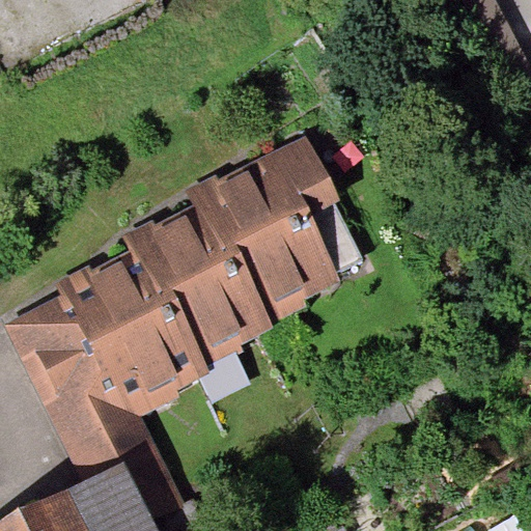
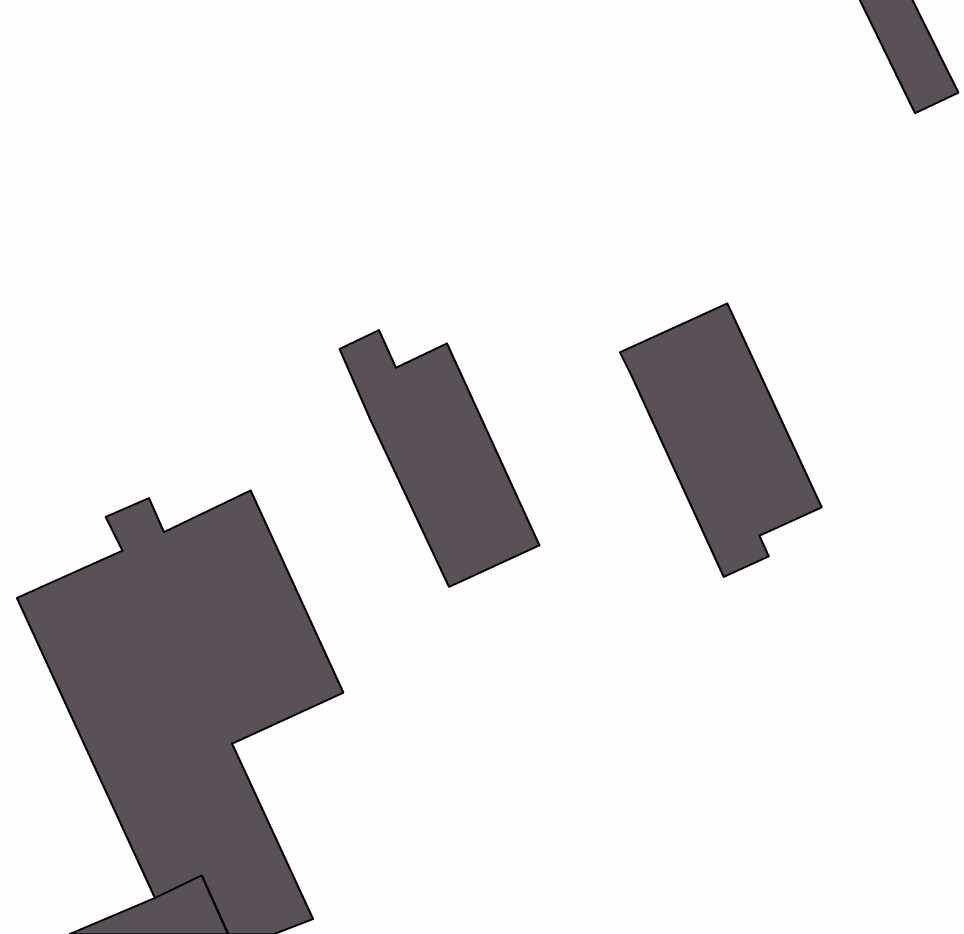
building: [240,149,351,300] -> [620,303,822,577]
building: [123,226,252,367] -> none

